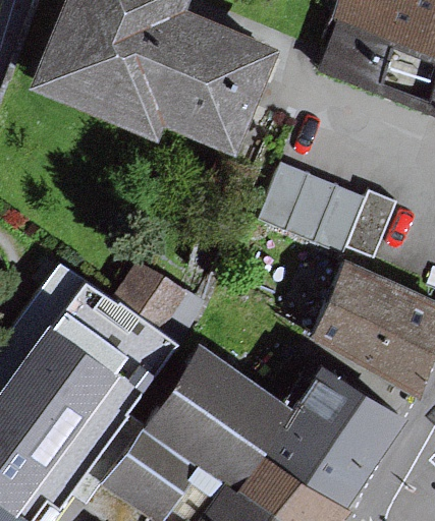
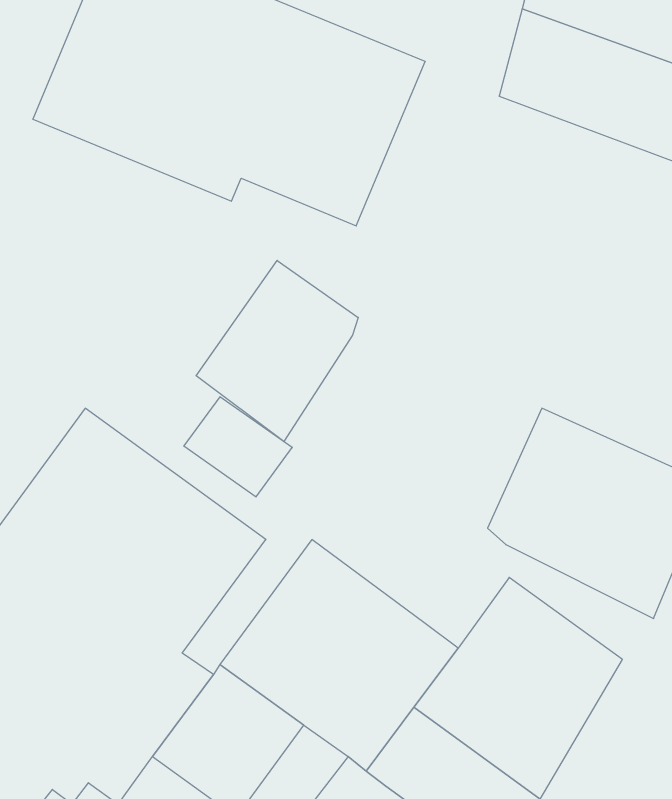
building: [259,167,366,254] -> none
building: none -> [196,260,358,442]

